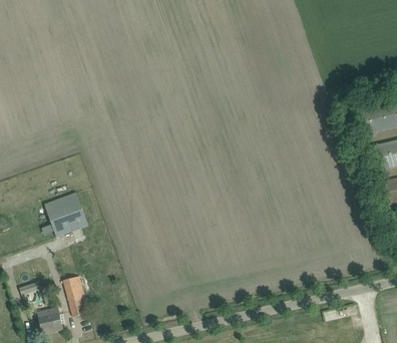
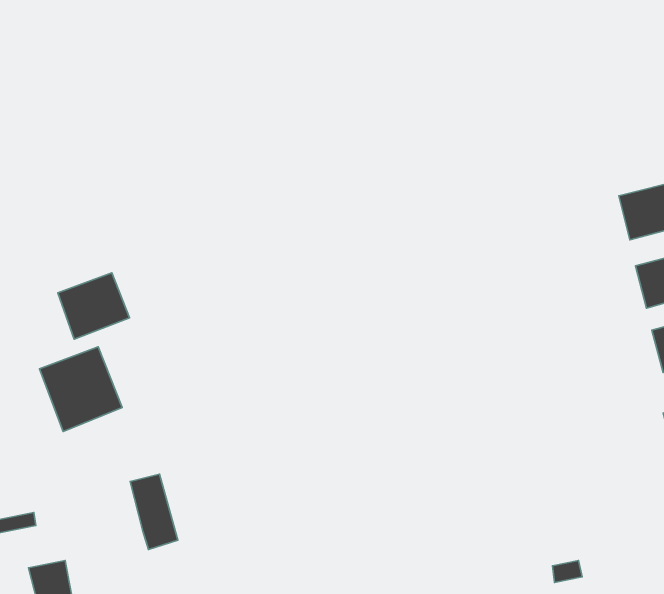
building: none -> [58,273,129,339]
building: [62,276,88,317] -> [130,474,178,550]

